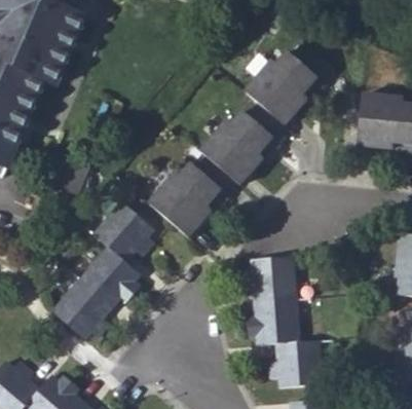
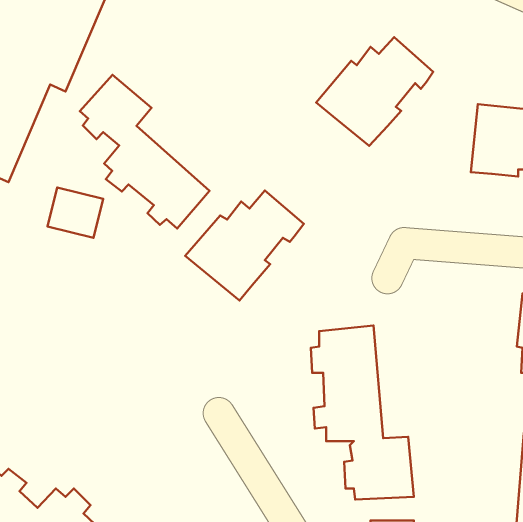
building: none -> [80,75,209,228]
building: [200,103,288,185] -> none
building: [51,203,150,340] -> none

